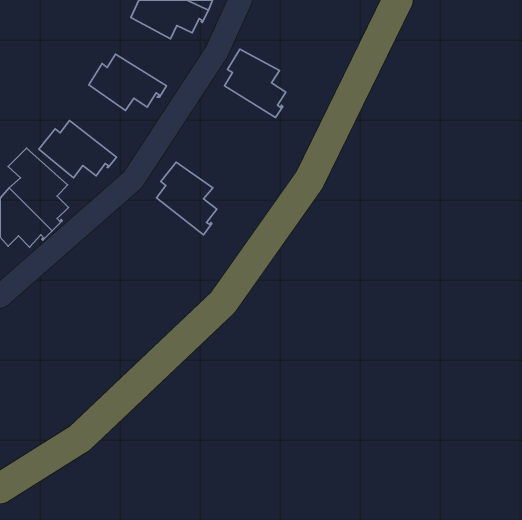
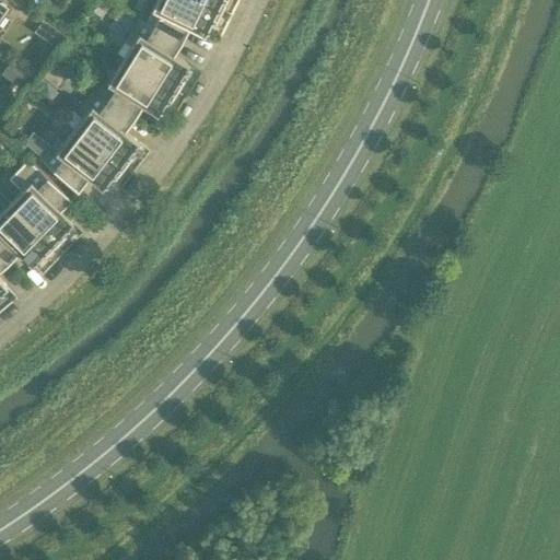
building: [224,49,286,118] -> [124,21,189,94]
building: [157,162,217,235] -> [74,93,139,171]

